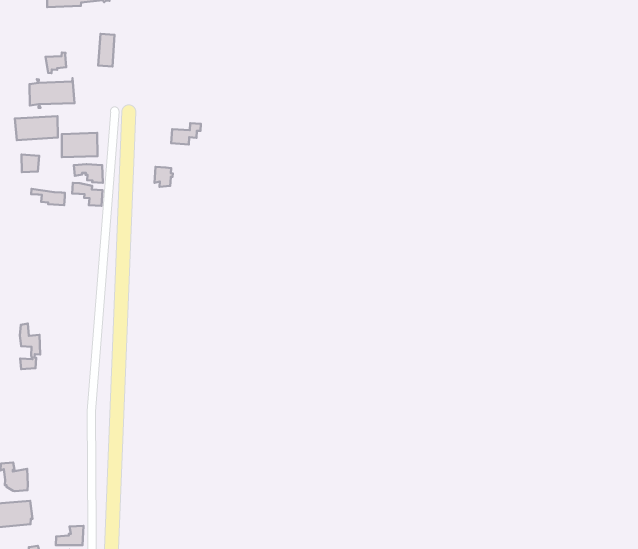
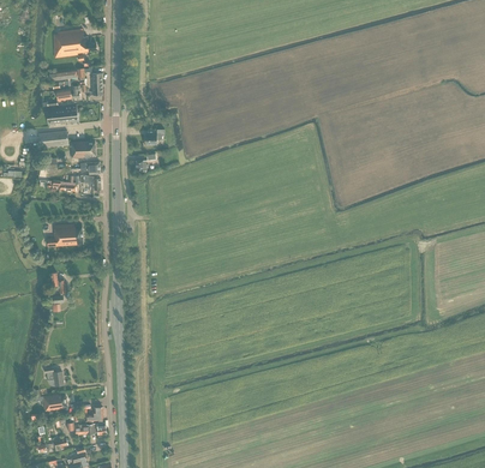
building: none -> [46,221,82,245]

